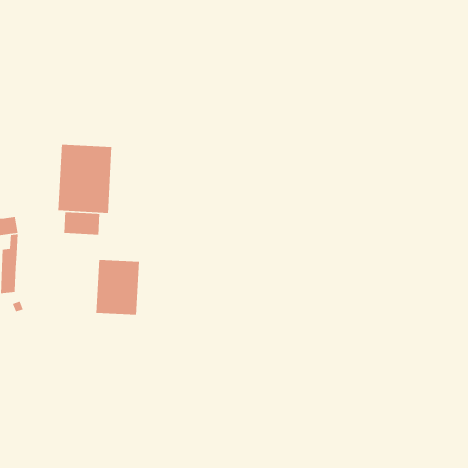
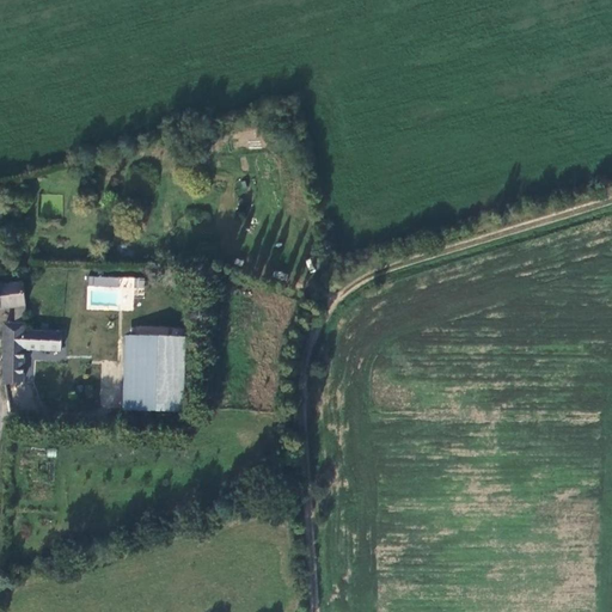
building: [58,144,112,214] -> none
building: none -> [22,330,60,349]

